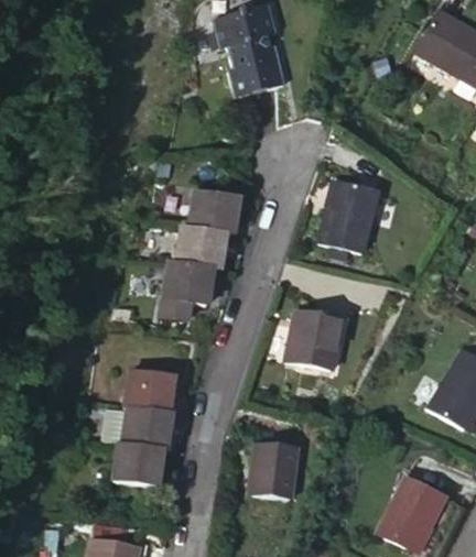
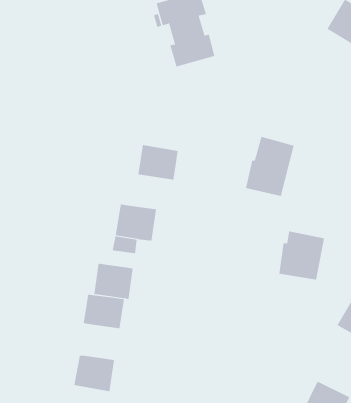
building: [175,226,226,267] -> none
building: [286,309,343,369] -> [278,231,325,280]
building: [123,406,172,450] -> [93,263,134,300]
building: [249,444,298,496] -> none

